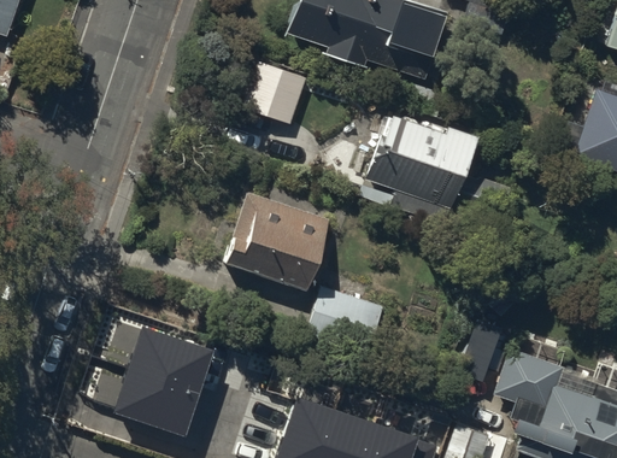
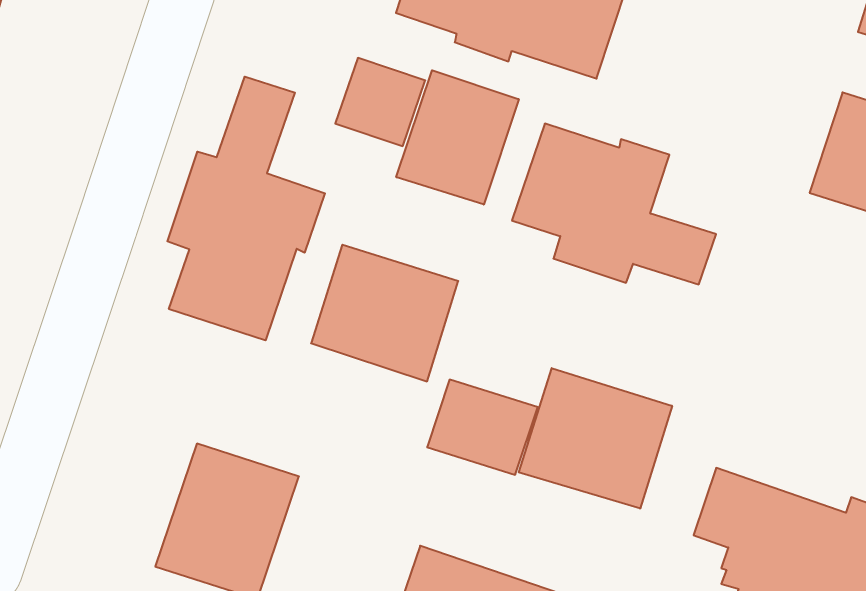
building: none -> [396,70,519,205]
building: none -> [167,77,325,340]
building: none -> [519,368,672,509]

